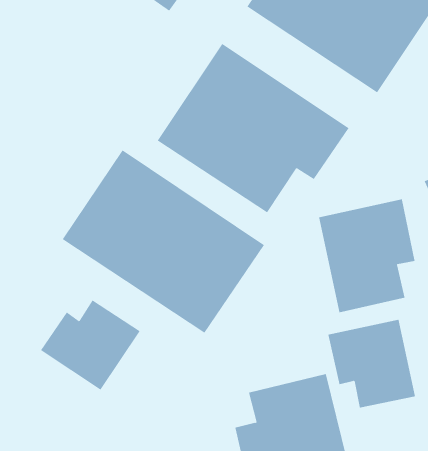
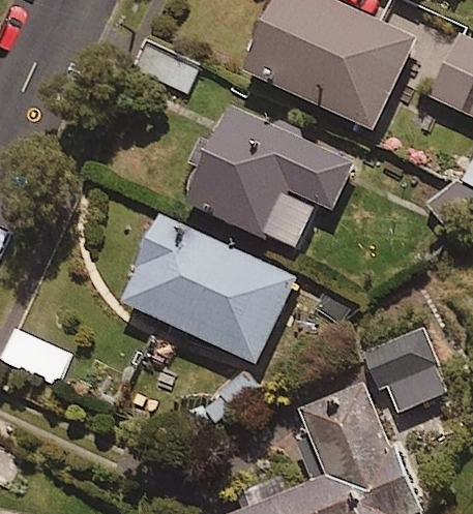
building: [318,198,415,313] -> none
building: [40,299,141,391] -> none

